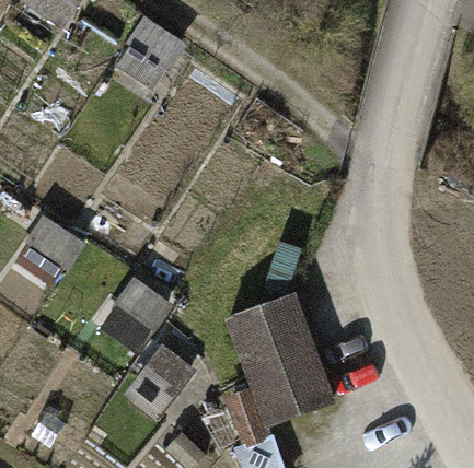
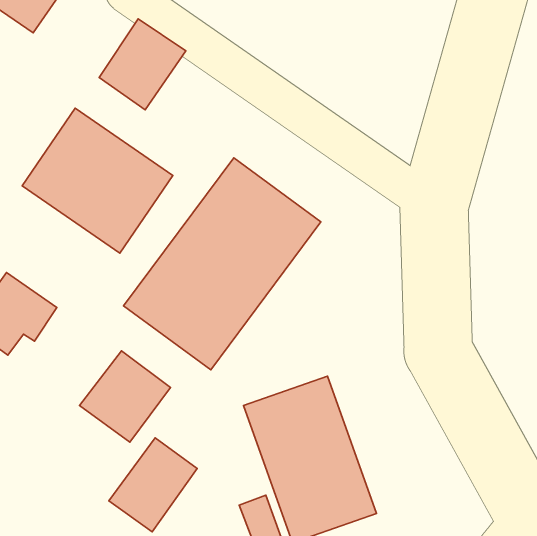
building: none -> [22,108,173,253]
building: none -> [124,158,321,370]

